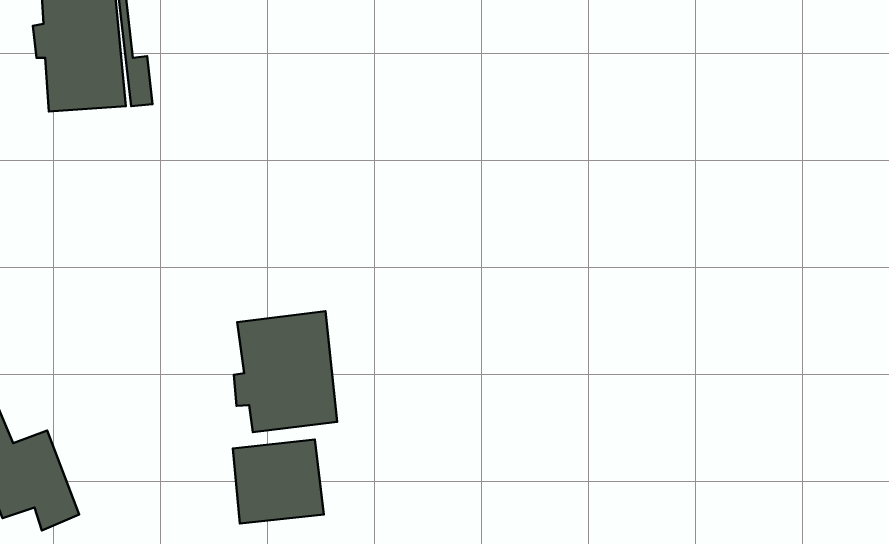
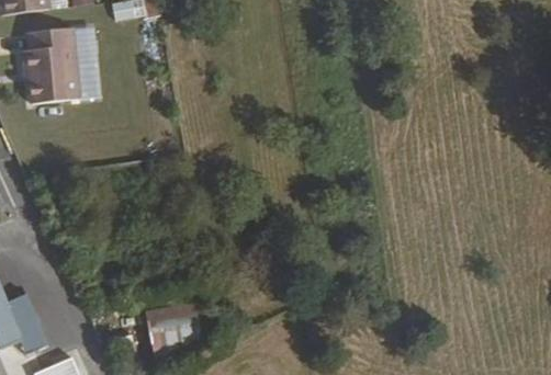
building: [234,311,337,432] -> none

